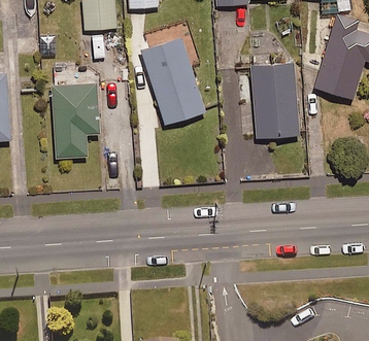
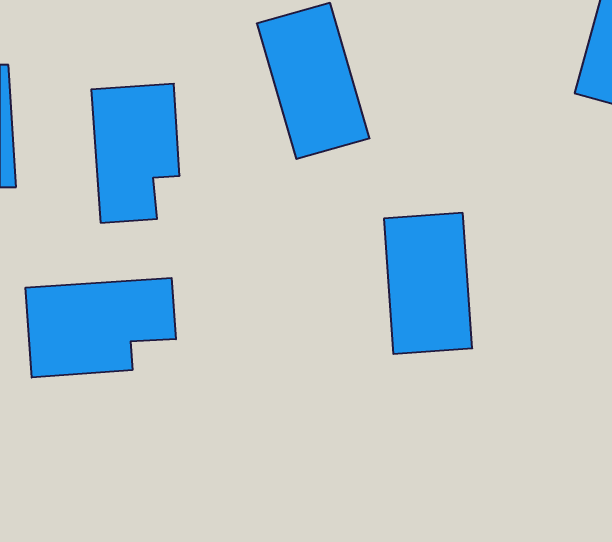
building: [250,60,299,137] -> [384,213,472,354]
building: none -> [26,278,176,378]

